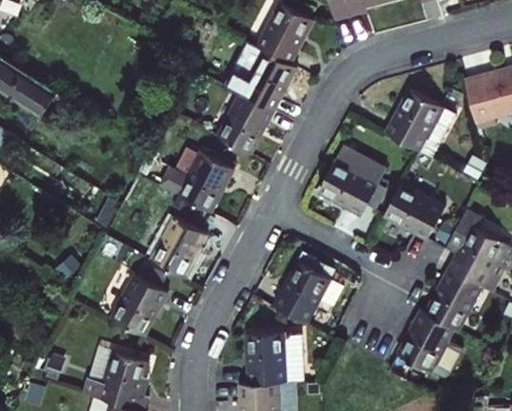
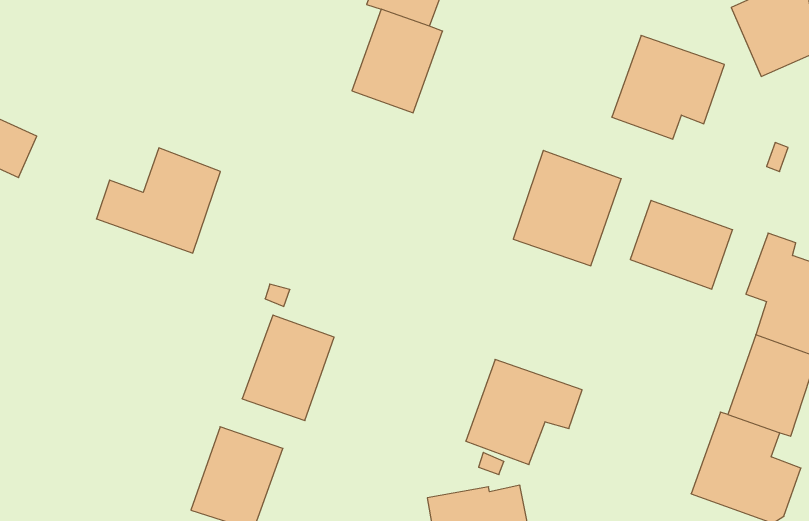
building: [216,94,272,154] -> none
building: [158,150,233,213] -> [96,148,220,253]

